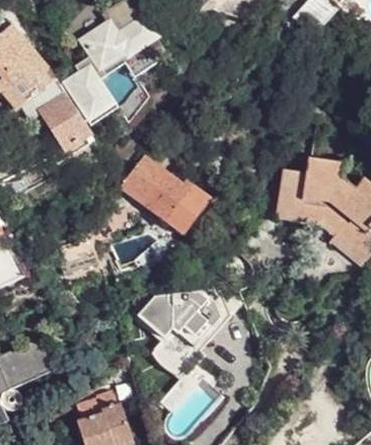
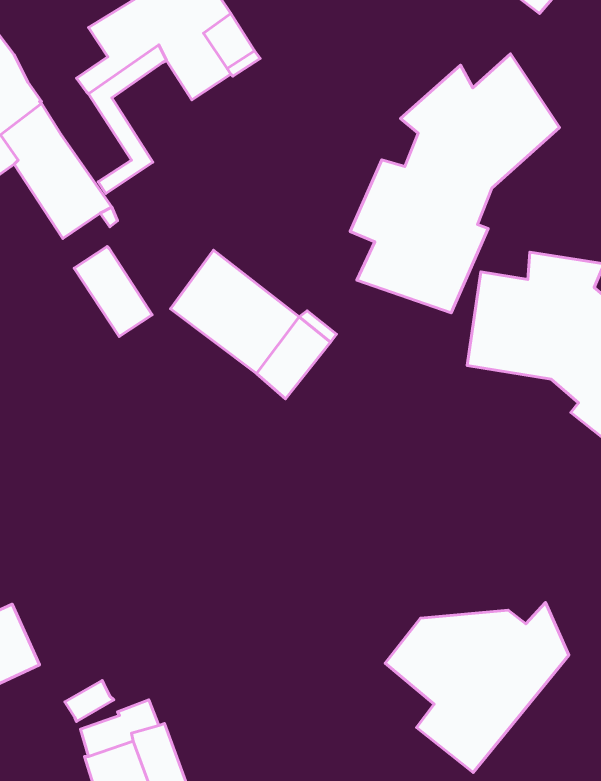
building: none -> [350,54,560,313]
building: [60,74,100,121] -> [74,247,152,336]
building: [134,285,229,373] -> [385,602,569,773]

